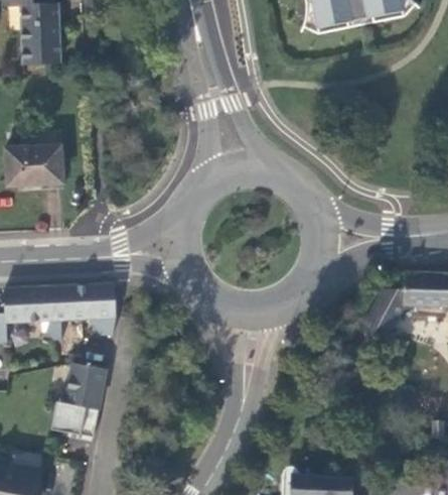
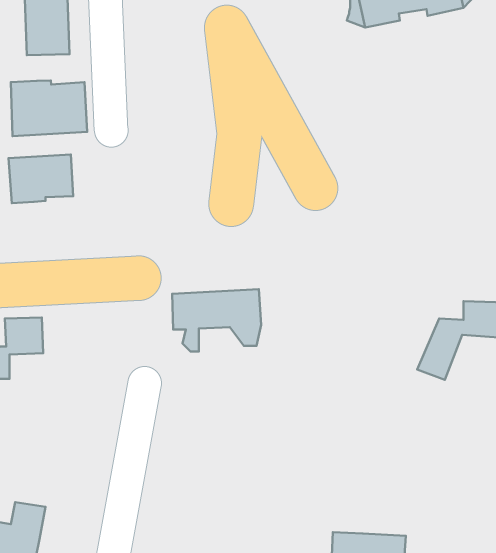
building: none -> [11,81,87,136]
building: [37,283,115,338] -> [172,289,261,351]
building: [55,361,104,437] -> none

